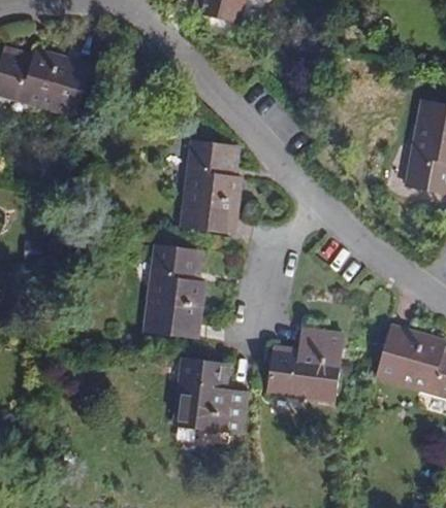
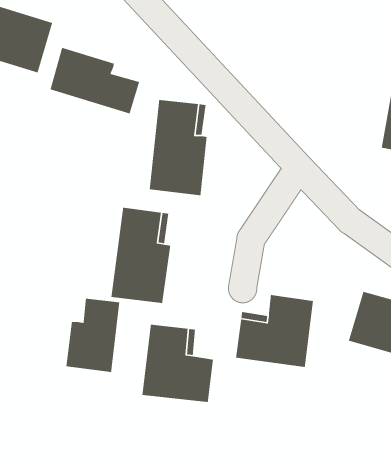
building: none -> [49,47,140,114]
building: none -> [65,298,120,373]

